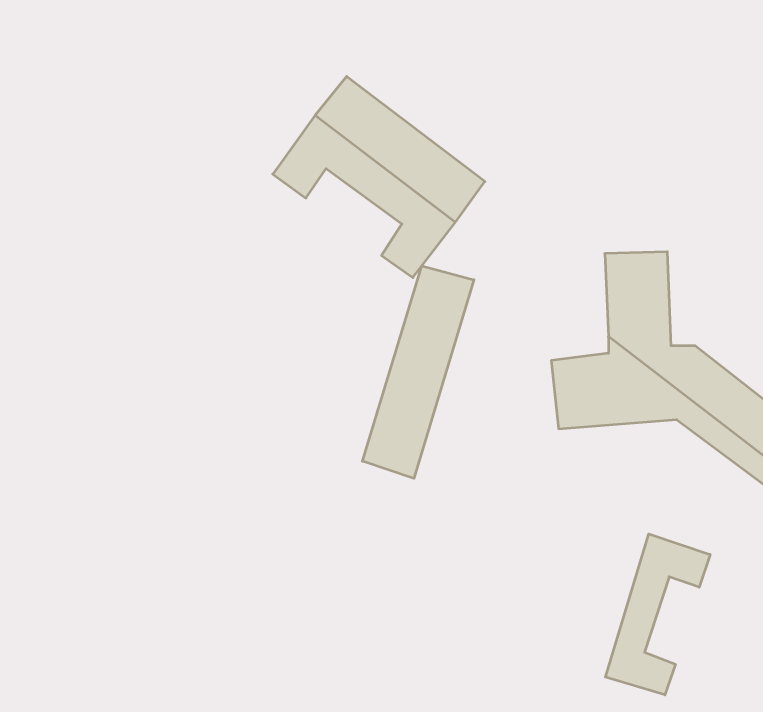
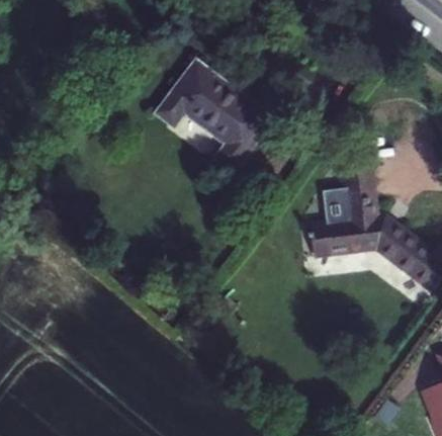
building: [362,266,474,478] -> none
building: [605,534,710,695] -> none

